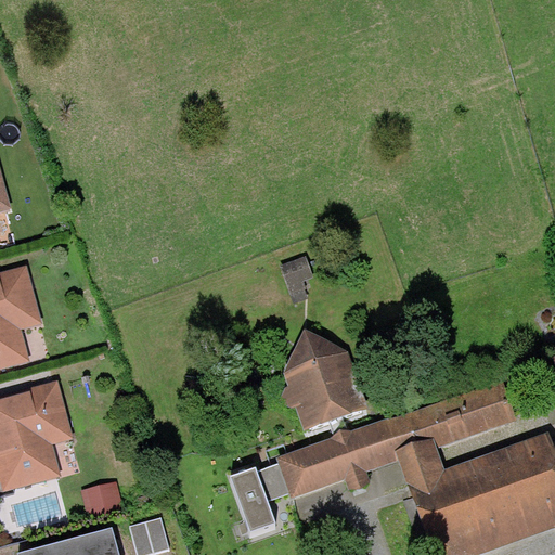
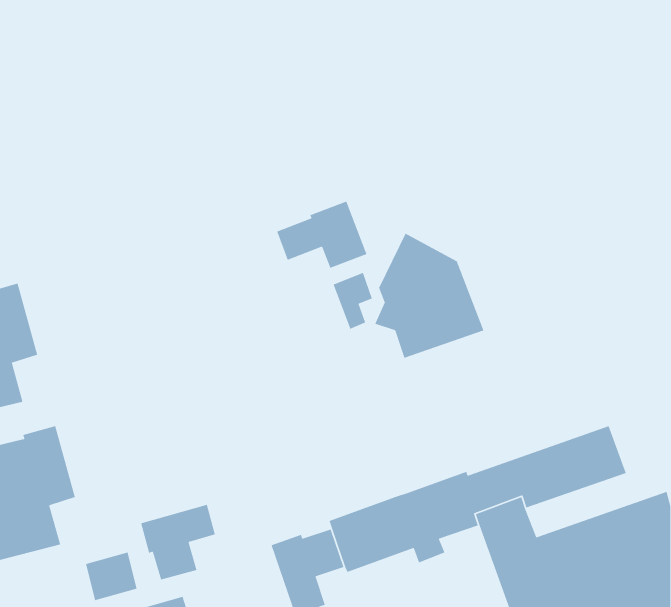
building: none -> [276,201,368,269]
building: [279,327,367,429] -> [374,233,484,359]
building: none -> [140,504,216,581]

